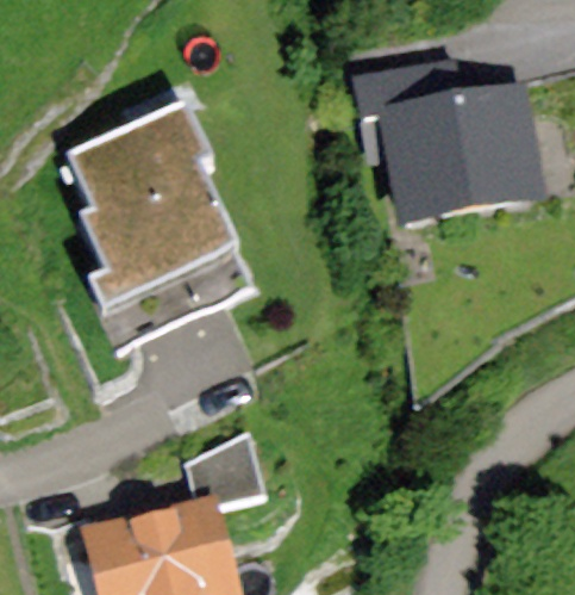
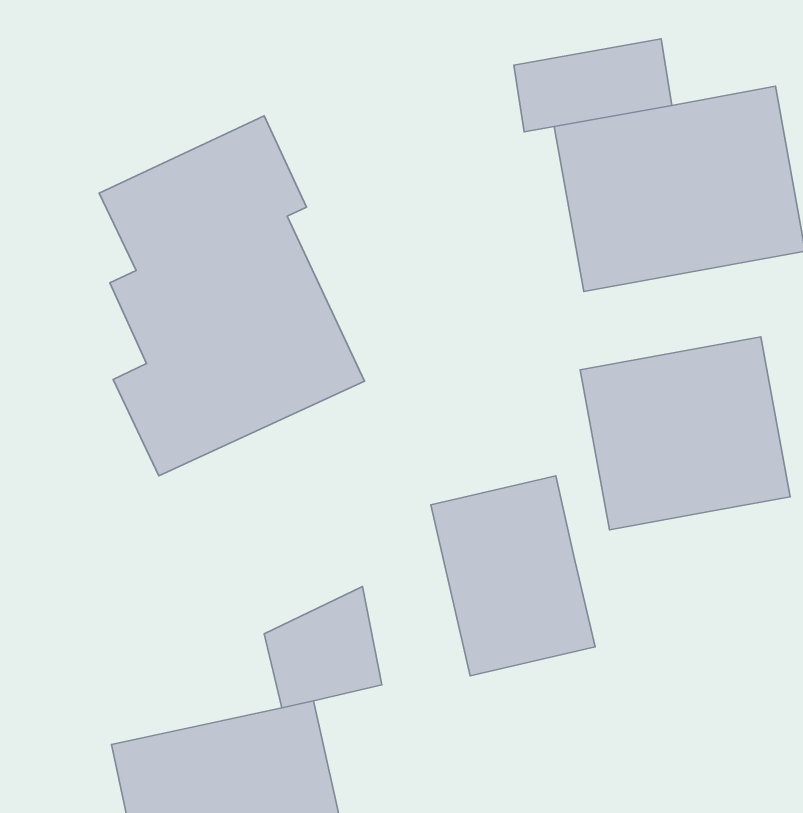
building: none -> [580,337,790,530]
building: none -> [431,476,595,676]

